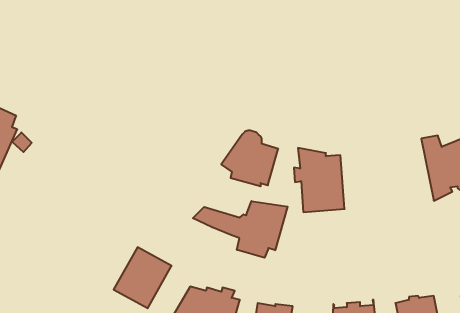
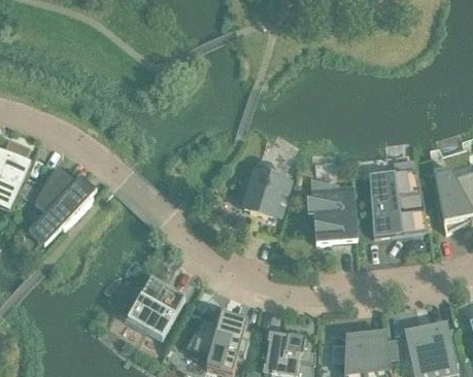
building: none -> [29,165,96,245]
building: none -> [368,168,428,236]
building: [193,201,288,258] -> none

